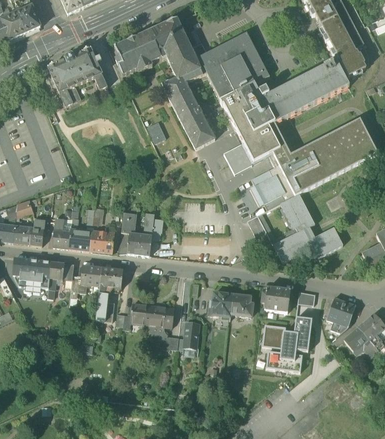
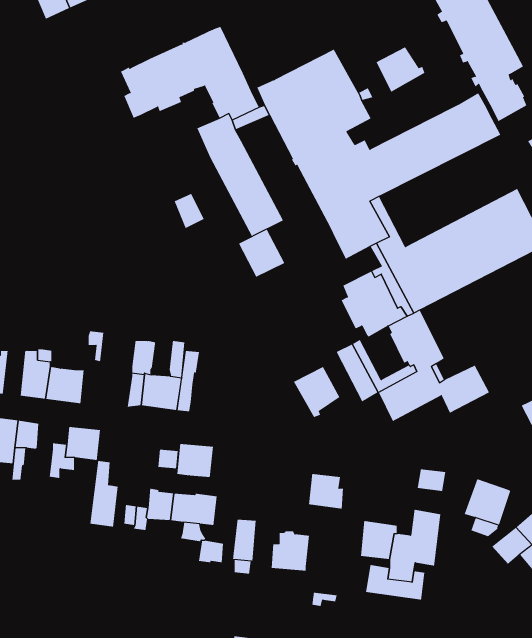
building: none -> [376,46,425,92]
building: [48,48,107,105] -> none
building: [223,144,252,174] -> [238,229,285,278]
building: none -> [293,366,340,418]
building: [90,230,114,253] -> none
building: [100,267,123,288] -> [176,443,214,477]
building: [261,286,290,312] -> none
building: [208,291,232,316] -> [271,531,310,571]

